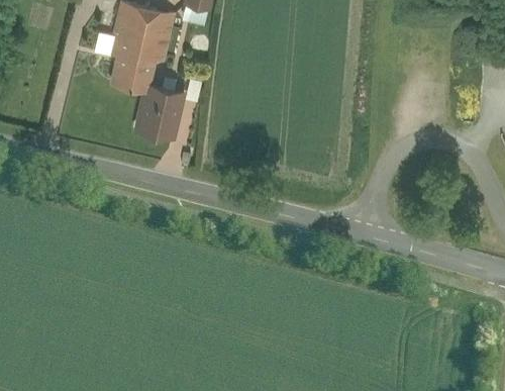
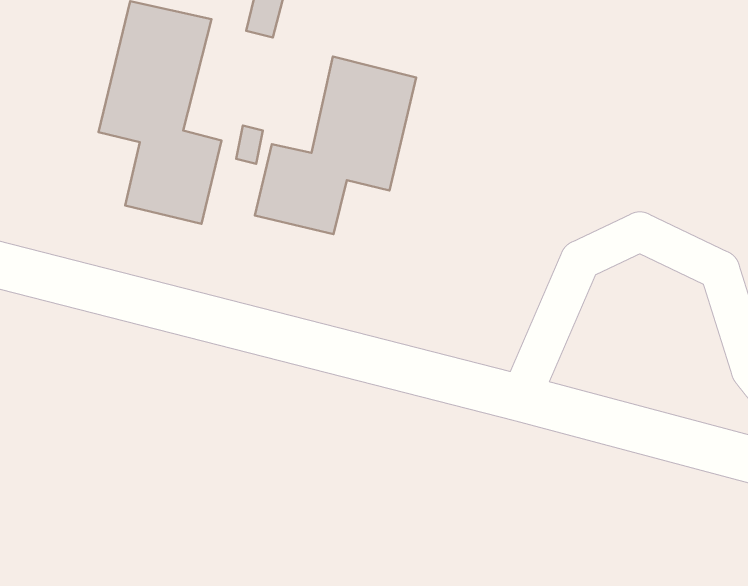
building: none -> [255,57,416,234]

